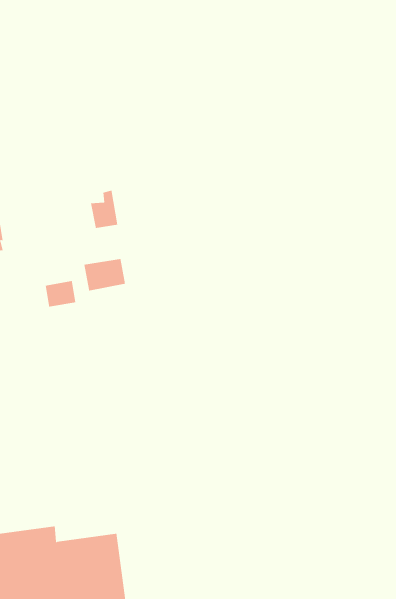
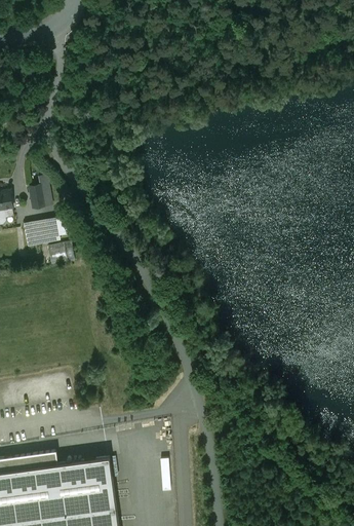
building: [90,190,118,229] -> [28,176,51,209]
building: [84,258,126,291] -> [24,219,60,247]

